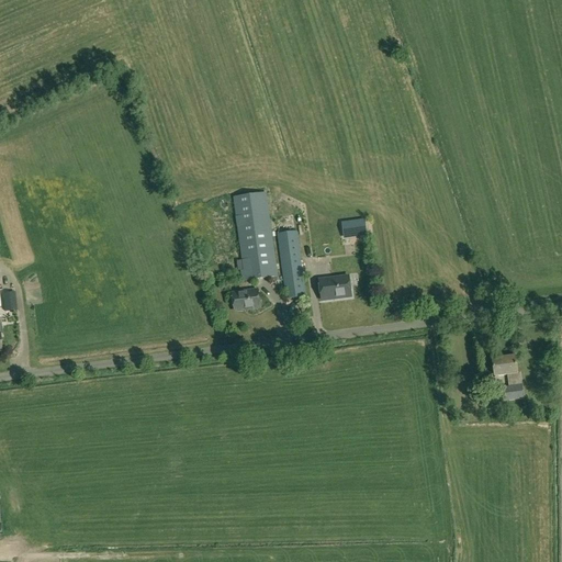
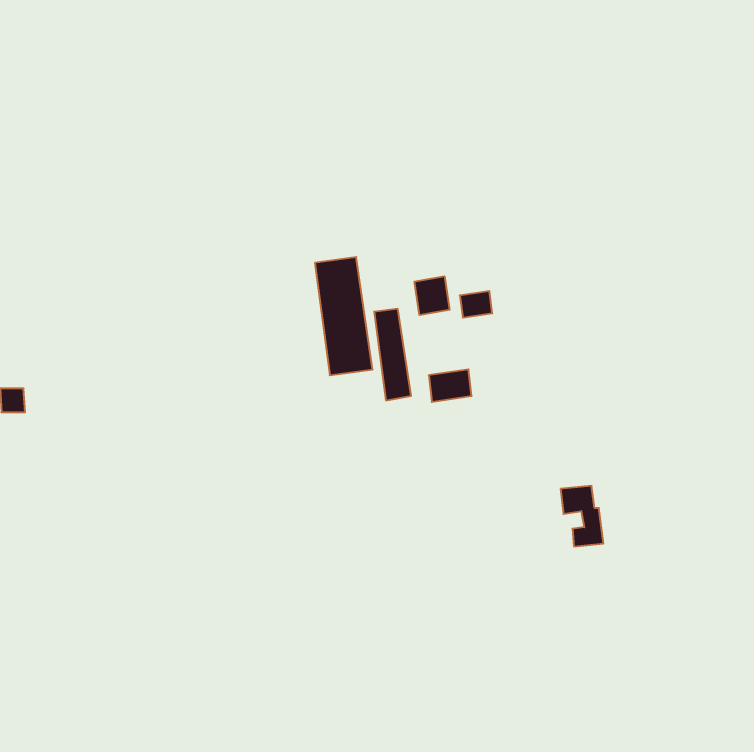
building: none -> [415,276,449,315]
building: [233,289,260,310] -> none
building: [492,355,524,400] -> [561,486,603,546]

